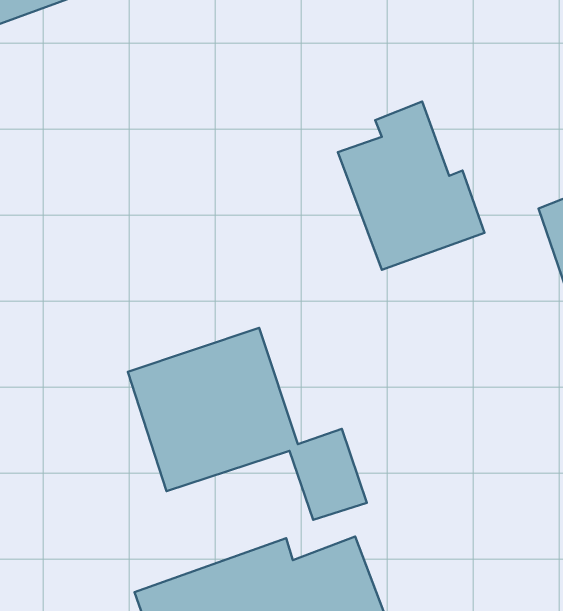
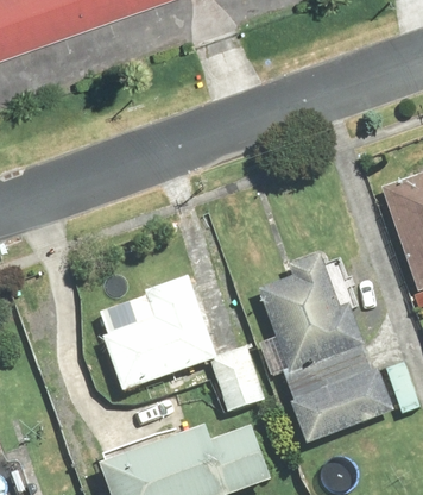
building: [338,102,484,270] -> [260,252,364,371]
building: none -> [290,369,394,444]

